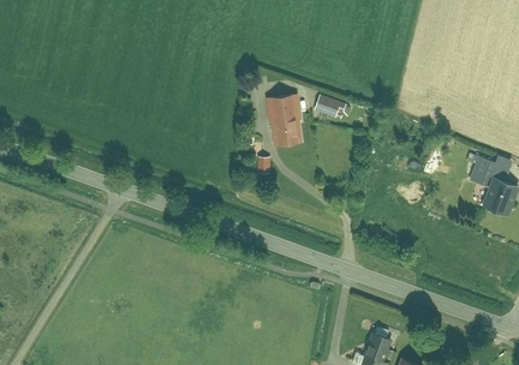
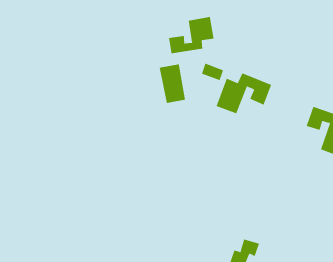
building: none -> [168,16,214,54]
building: none -> [216,73,272,114]

